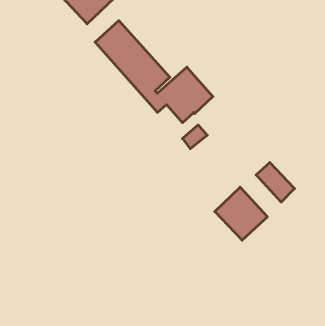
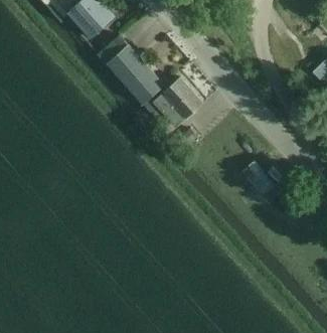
building: [215,187,267,240] -> none

